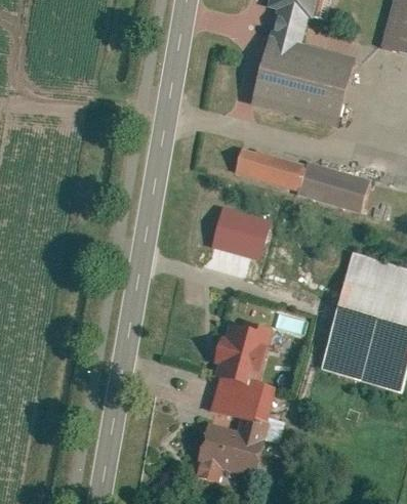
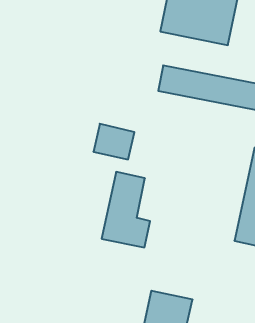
building: [221,209,275,256] -> [93,124,134,159]
building: [211,326,274,423] -> [102,172,150,247]

